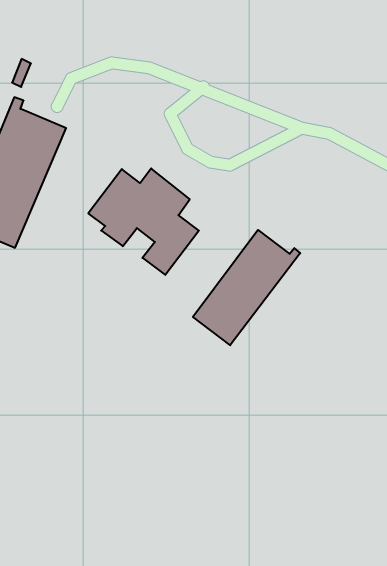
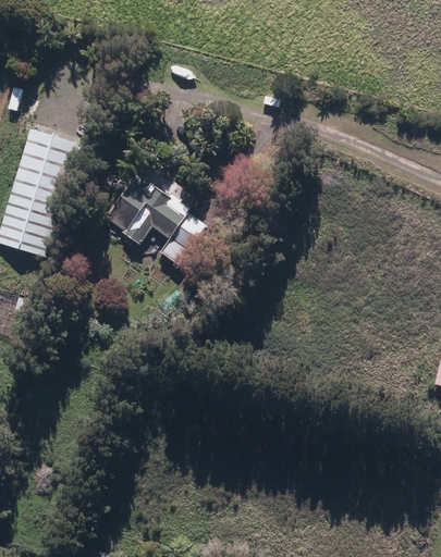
building: [193,230,300,345] -> none

